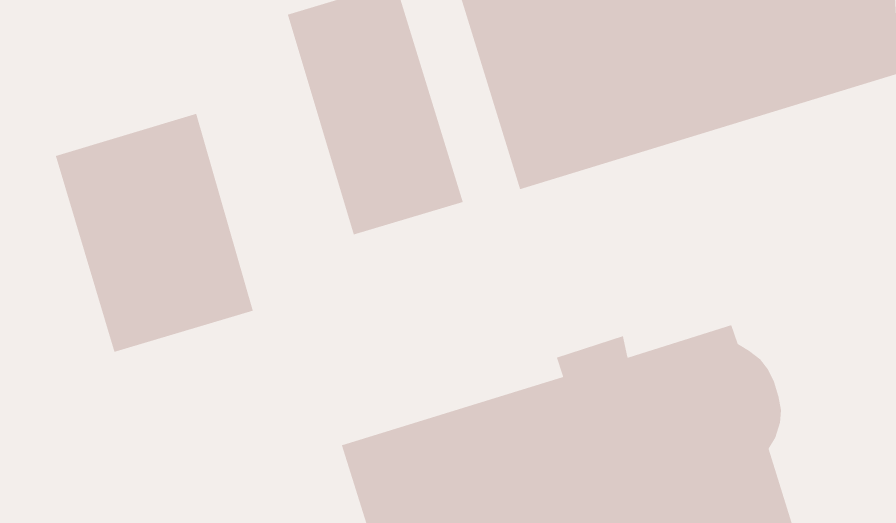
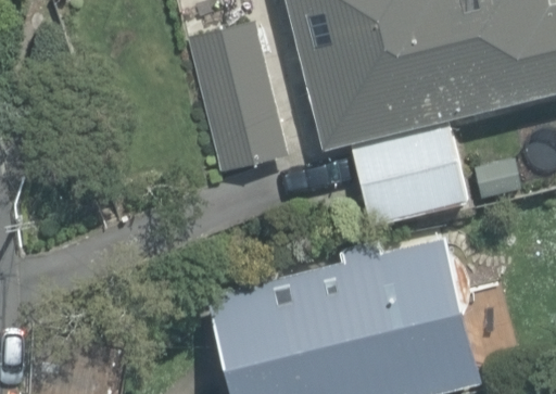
building: [55,113,254,353] -> none
building: none -> [351,123,467,227]

